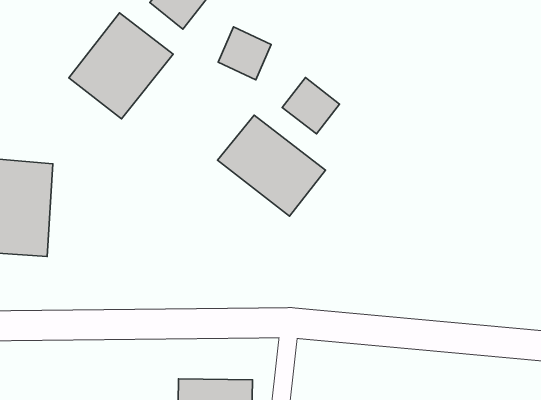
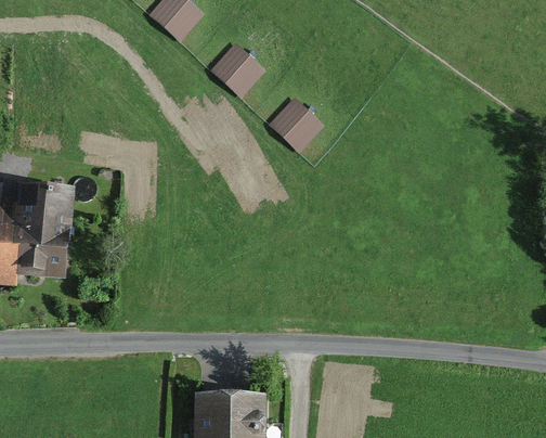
building: [69,13,173,119] -> none
building: [217,115,325,216] -> none

